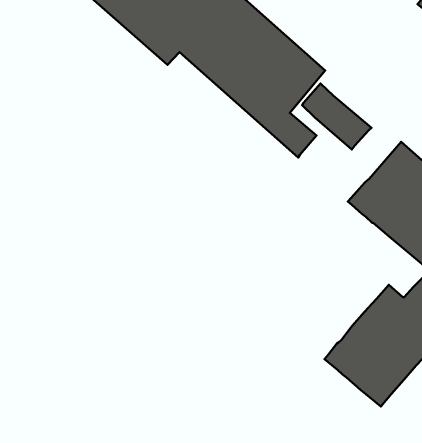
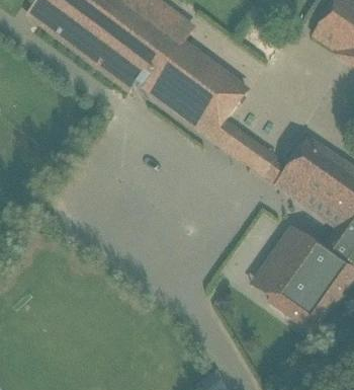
building: [302,84,372,150] -> [236,136,288,182]
building: none -> [249,226,311,297]

